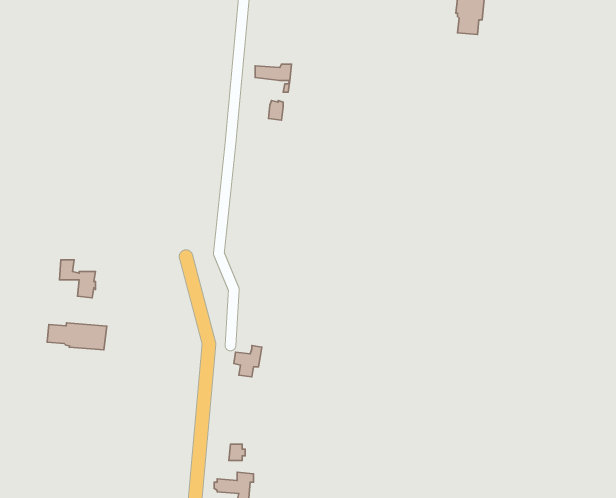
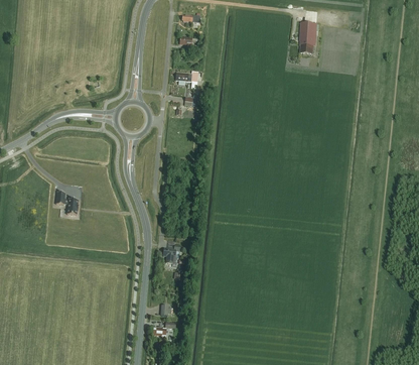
building: [47,323,107,350] -> none

